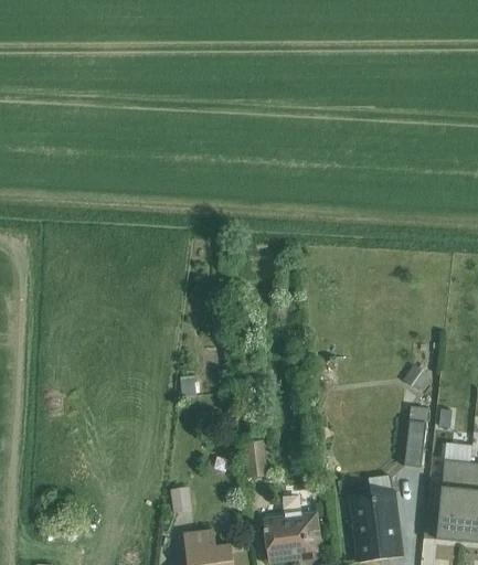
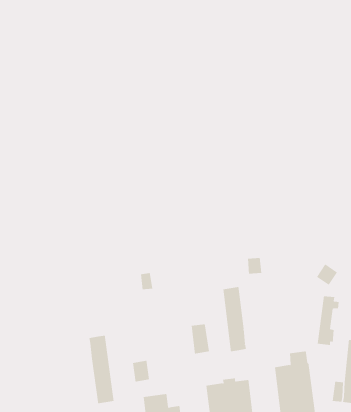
building: none -> [223,286,246,352]
building: none -> [89,335,114,404]

